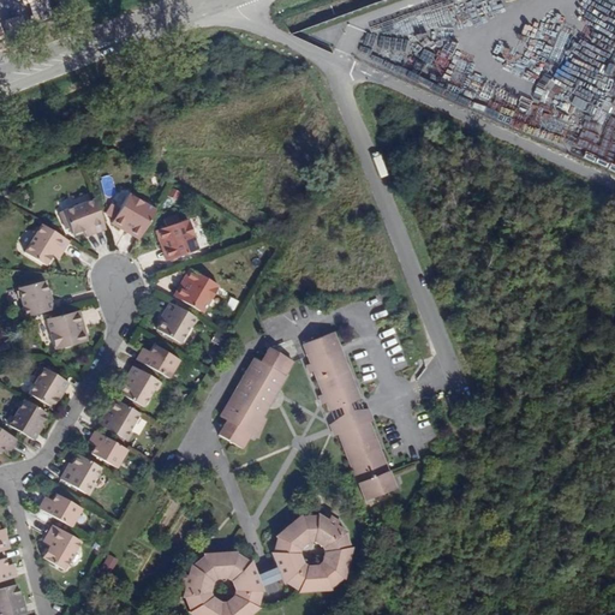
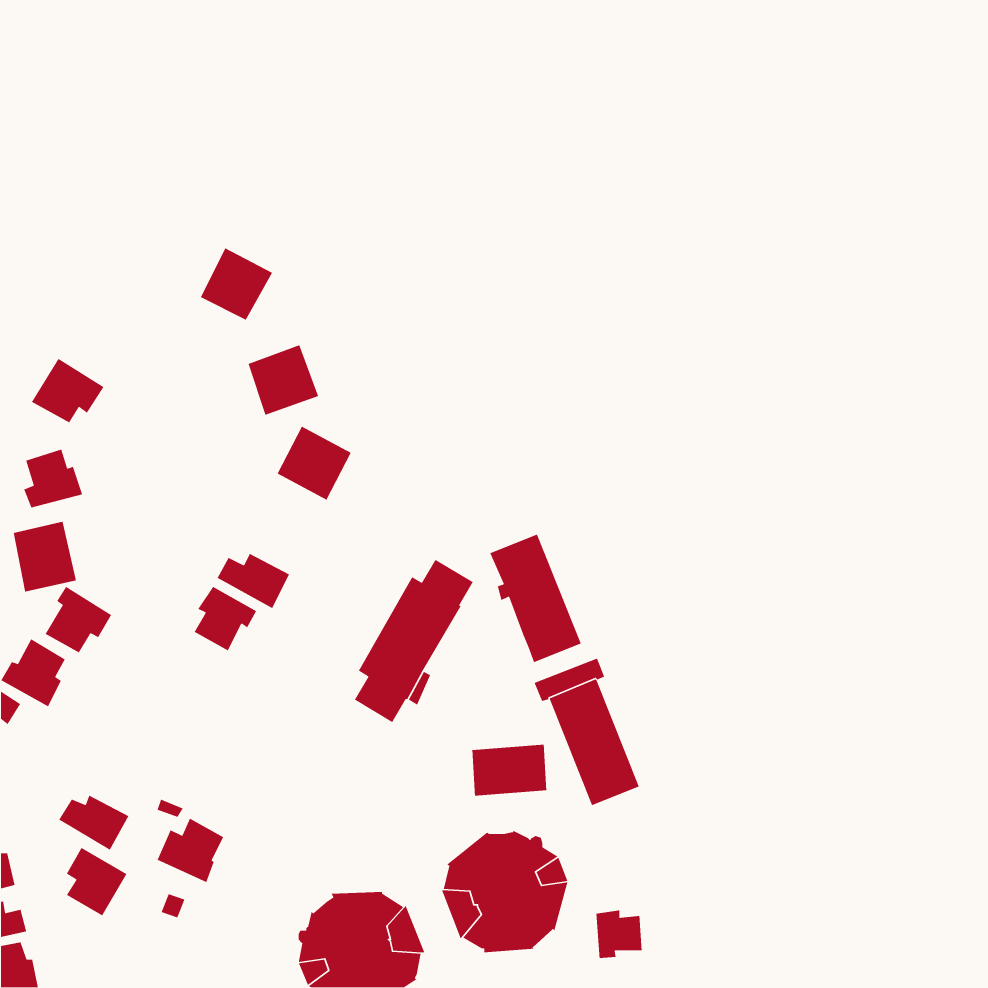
building: [107,192,153,238] -> [200,247,273,321]
building: [56,196,100,237] -> none
building: [157,301,199,345] -> none
building: [48,310,88,354] -> [13,521,77,592]
building: [97,400,138,441] -> none
building: [88,429,126,466] -> none
building: [58,455,100,496] -> [157,818,224,883]
building: none -> [472,744,547,796]
building: none -> [595,909,643,959]

